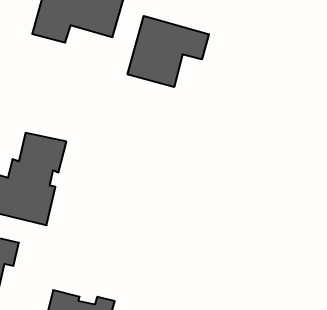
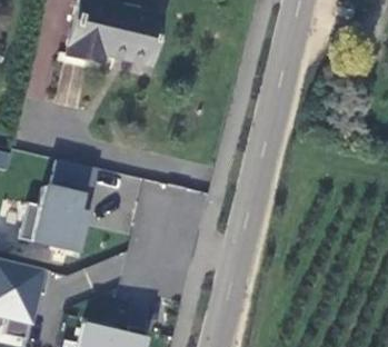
building: [128,16,209,87] -> none

